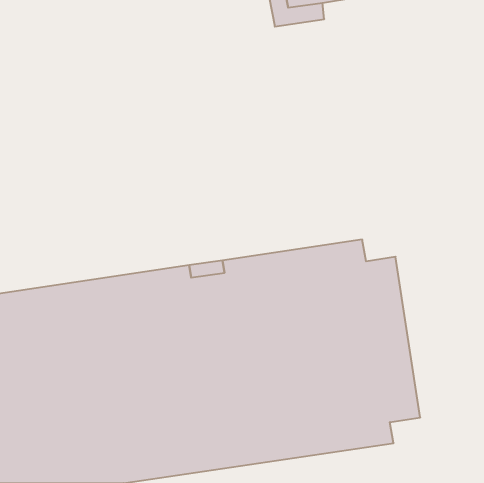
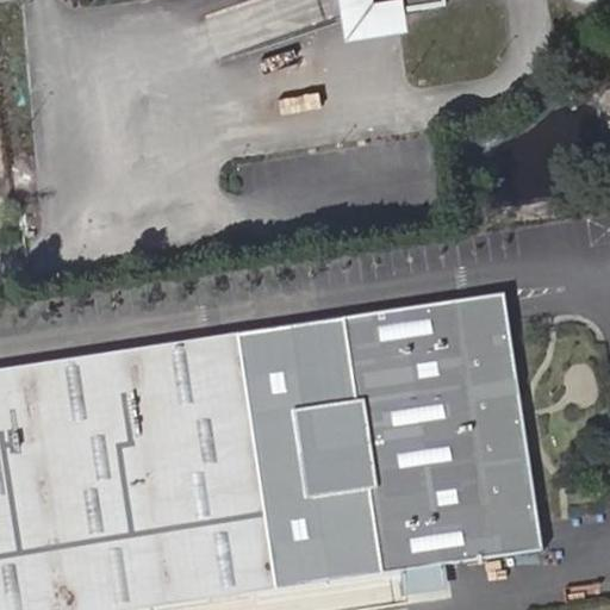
building: none -> [454,293,542,555]

